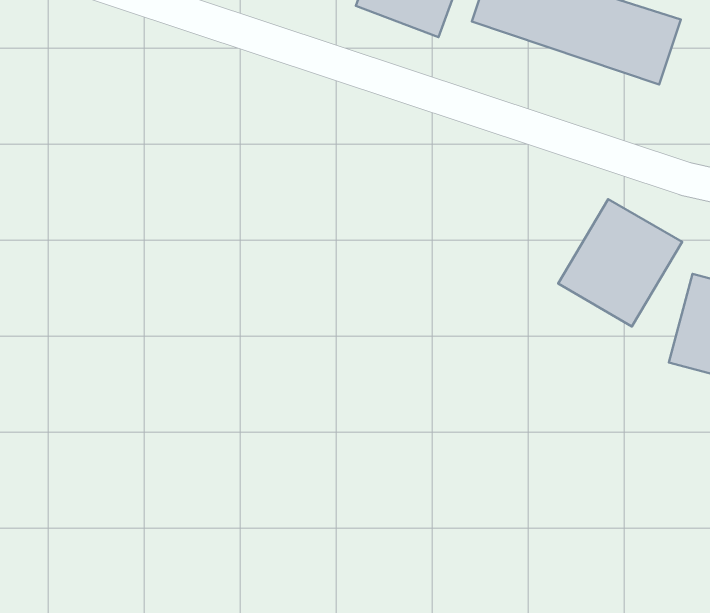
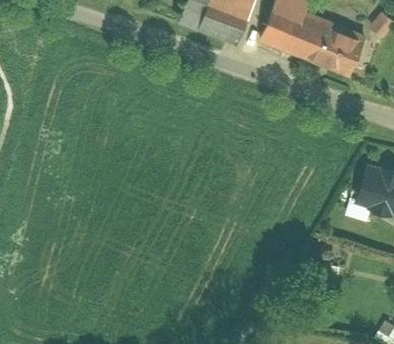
building: [558,199,682,326] -> none

